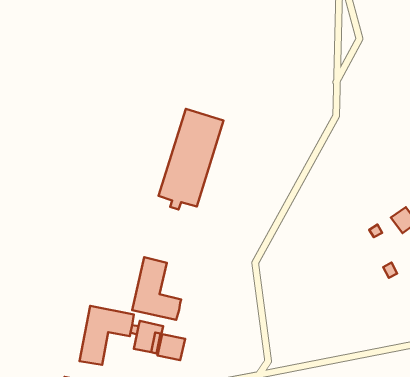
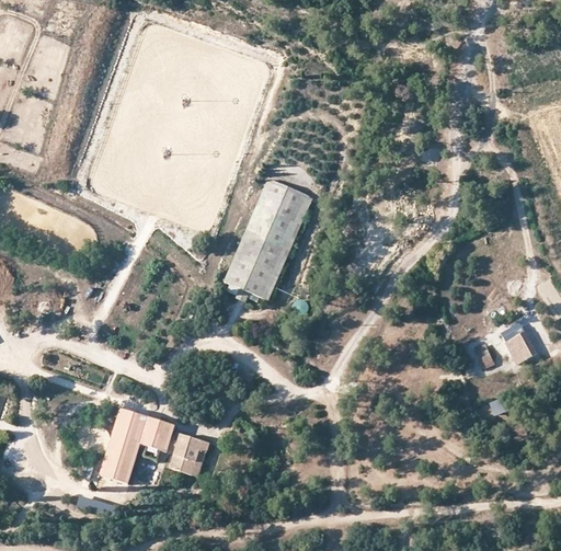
building: [132,257,181,320] -> none
building: [157,334,185,360] -> none

